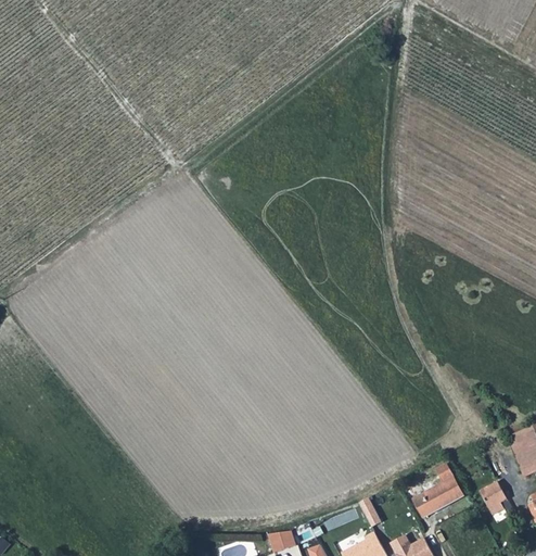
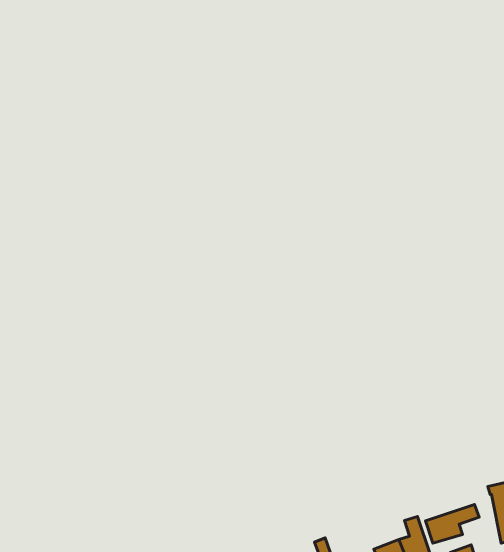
building: none -> [426,504,479,543]

